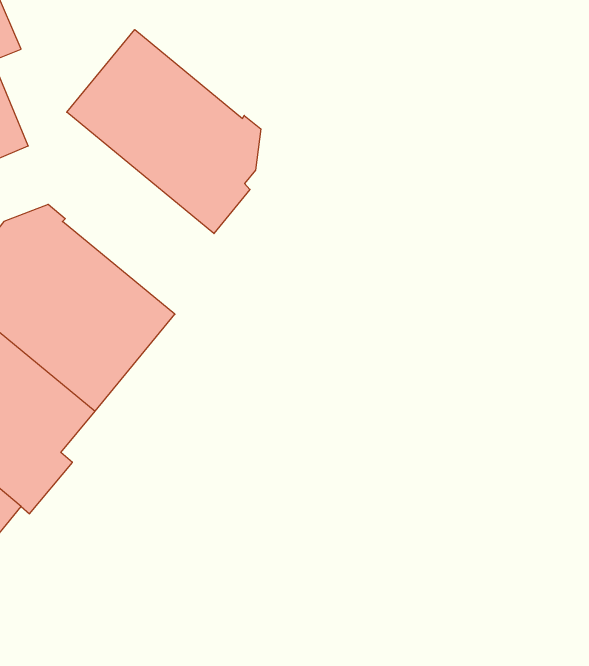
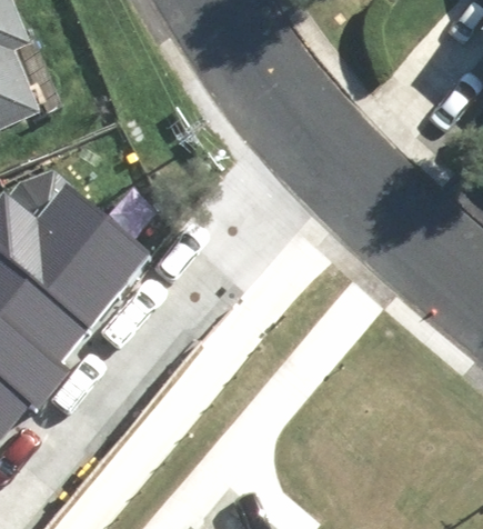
building: [67,30,261,234] -> none

